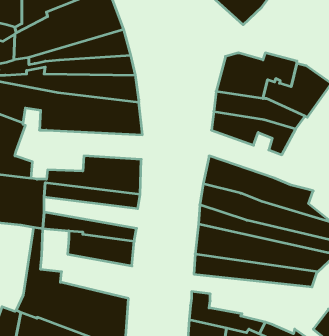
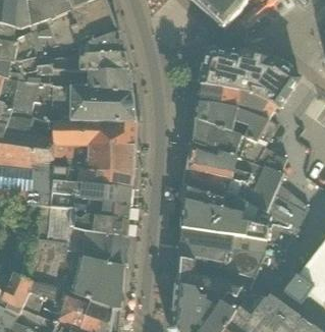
building: none -> [23,114,134,161]
building: none -> [193,117,286,170]
building: none -> [49,176,130,204]
building: none -> [46,204,125,265]
building: none -> [177,243,282,283]

